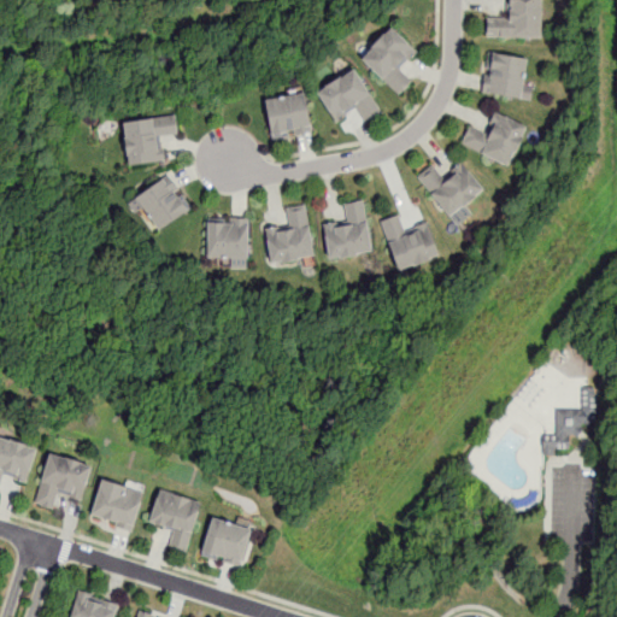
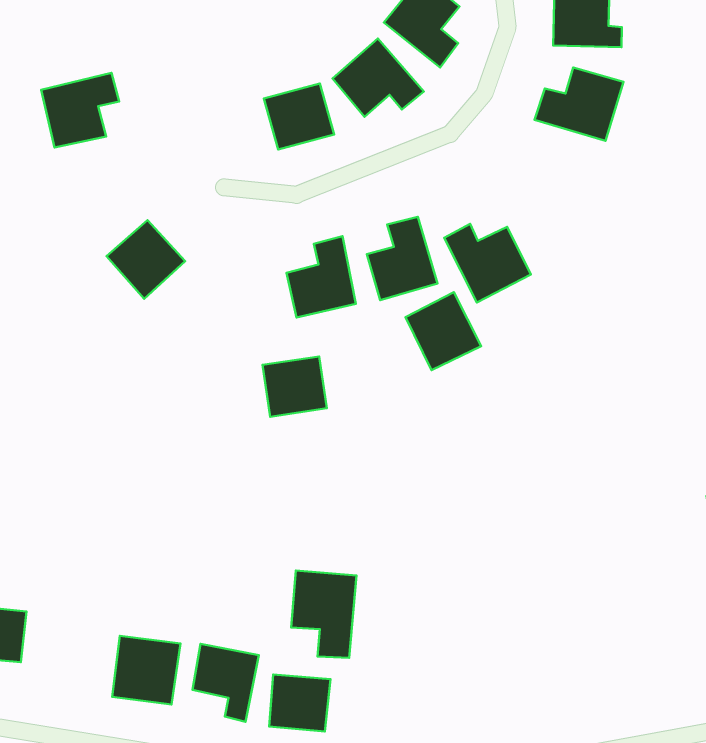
building: [123,116,178,164] -> [41,73,119,148]
building: [416,159,484,218] -> none
building: [207,221,249,259] -> [262,356,327,417]
building: none -> [406,292,481,370]
building: none -> [291,571,356,658]
building: [36,453,92,510] -> none

